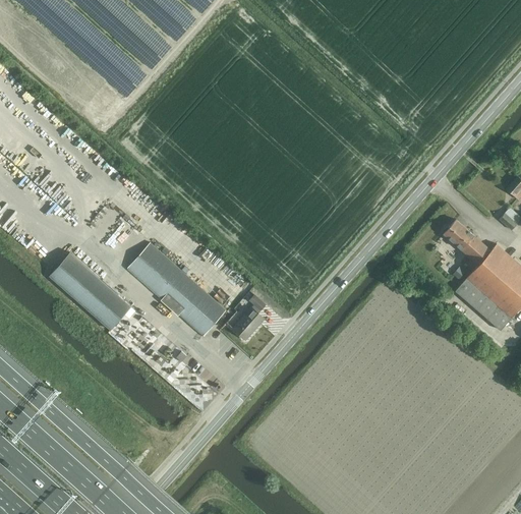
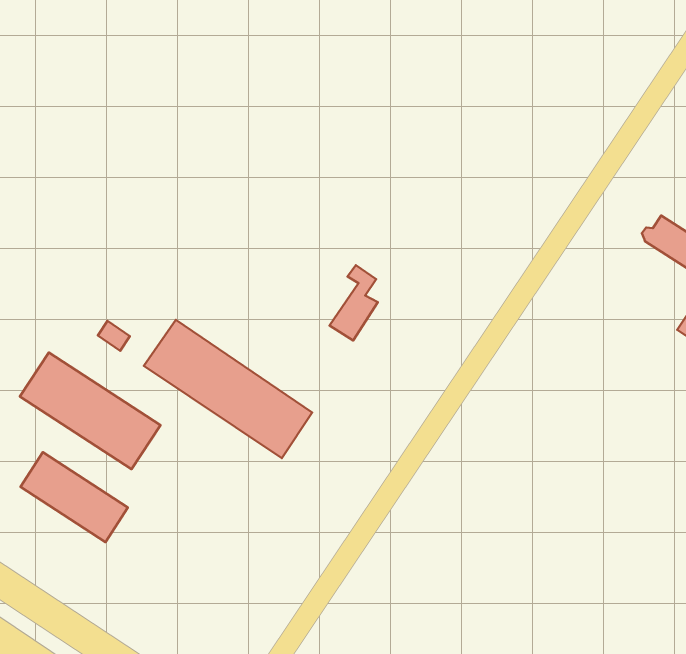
building: [233,295,266,341] -> [329,265,378,340]
building: none -> [20,452,128,542]

